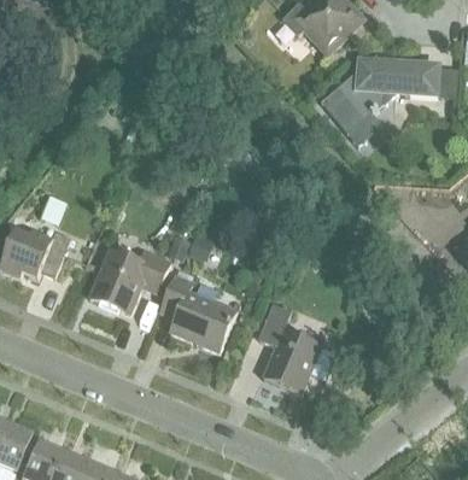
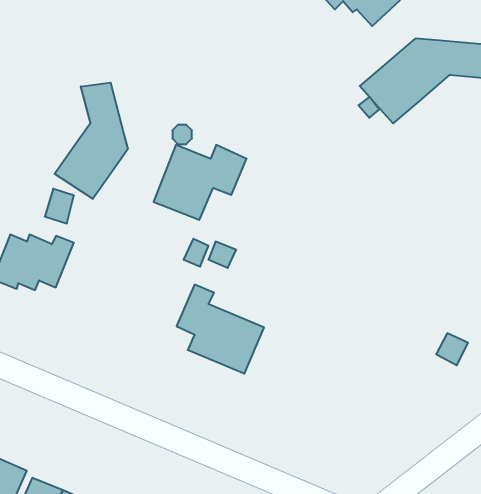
building: none -> [55,83,128,199]
building: [90,247,171,312] -> [154,145,247,220]
building: [258,302,321,392] -> none

